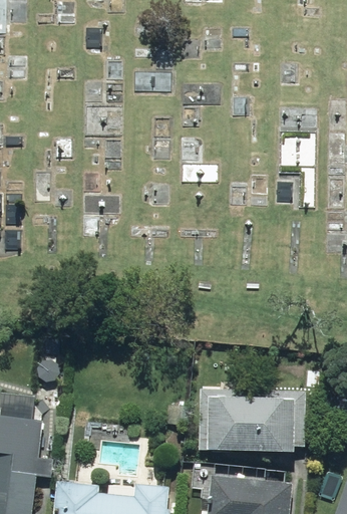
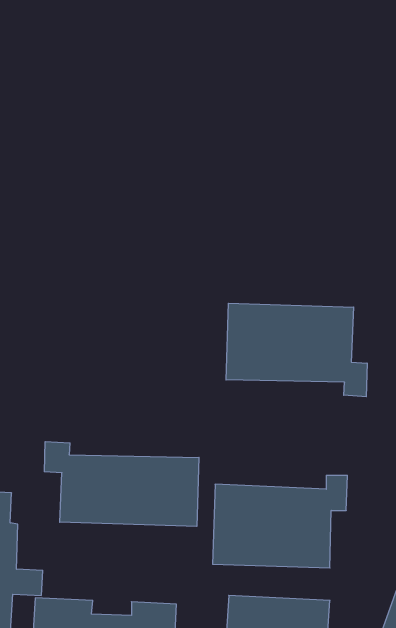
building: none -> [226,303,367,397]
building: none -> [44,442,199,526]

